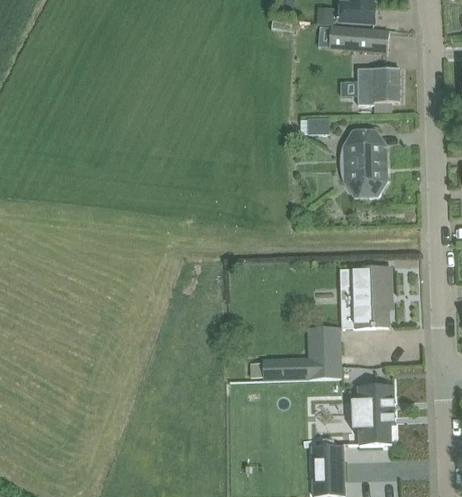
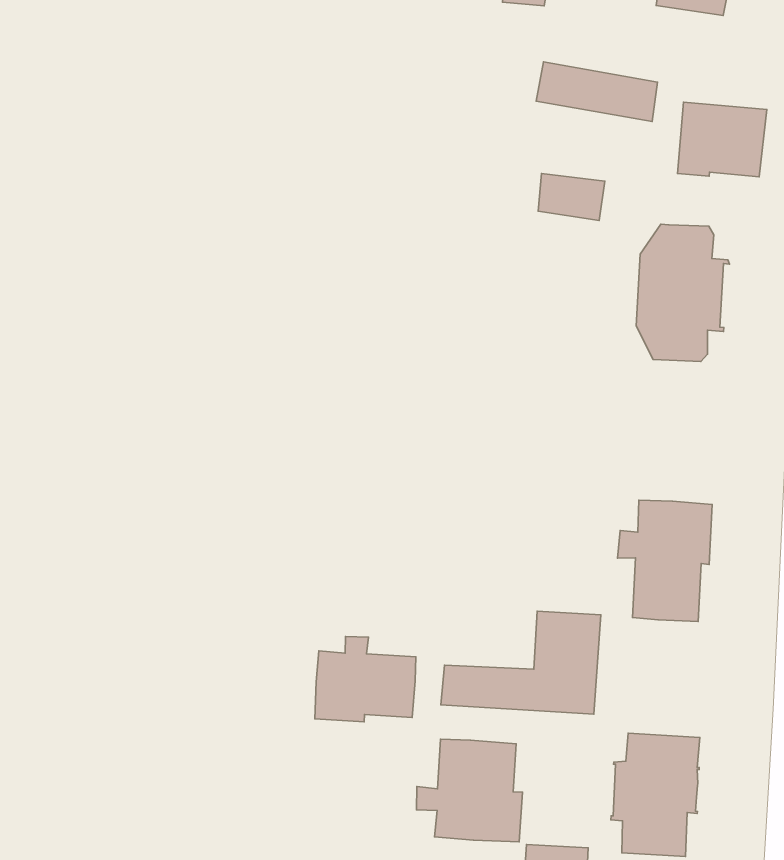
building: [329,25,389,50] -> [536,62,658,122]
building: none -> [315,637,416,722]
building: none -> [417,739,522,842]

